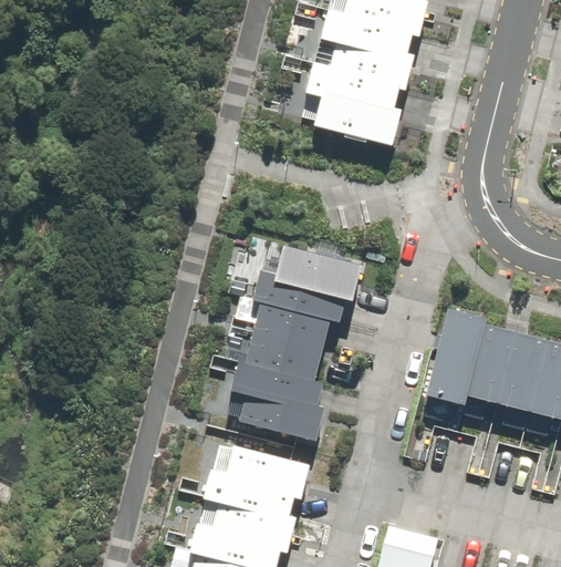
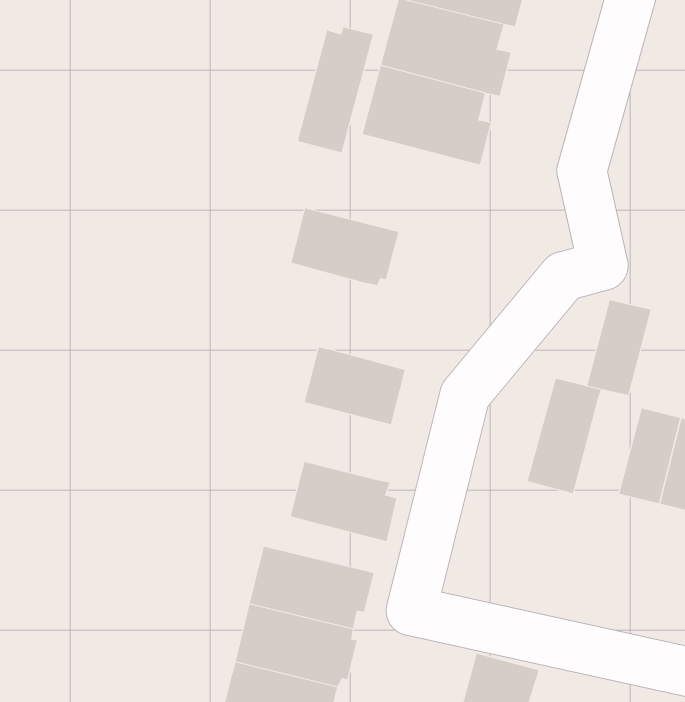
building: none -> [297,26,374,153]
building: [274,246,360,307] -> [290,208,399,286]
building: [466,327,517,402] -> [586,300,651,396]
building: [240,330,321,391] -> none

